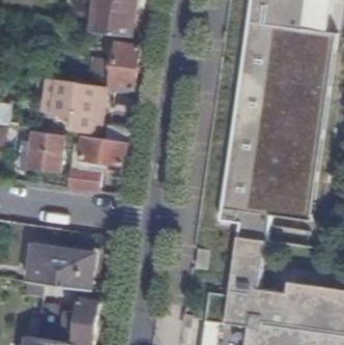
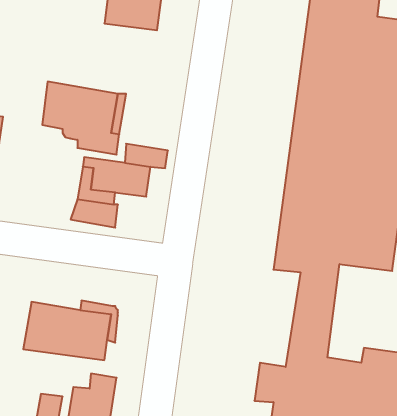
building: [110,44,137,90] -> none
building: [16,130,60,171] -> none

